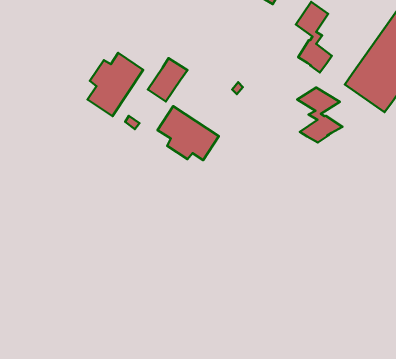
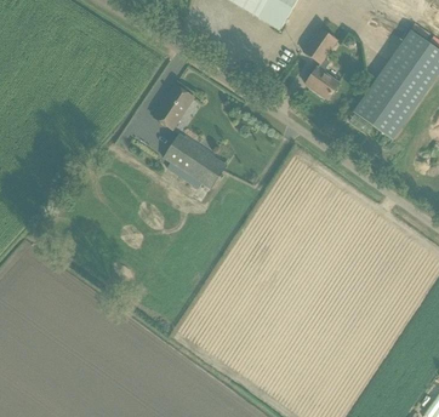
building: [87,53,143,116] -> none
building: [297,87,343,142] -> none

